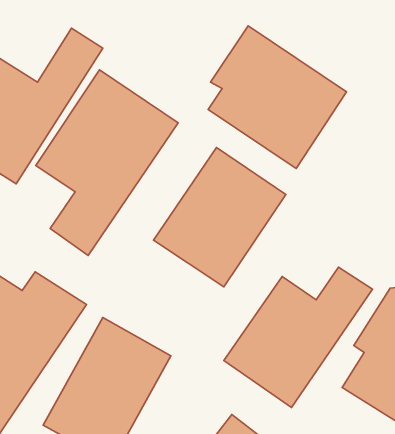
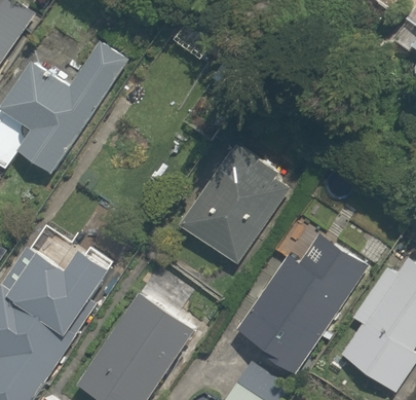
building: [208,26,347,168] -> none
building: [36,70,178,255] -> none

